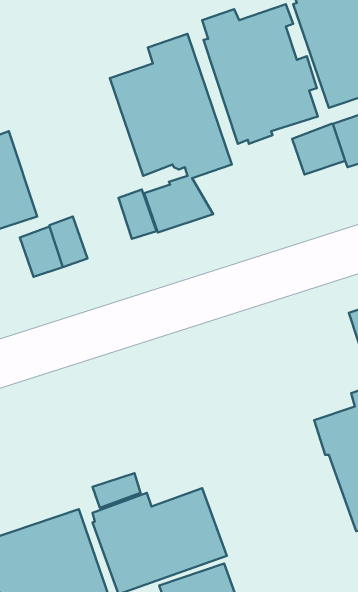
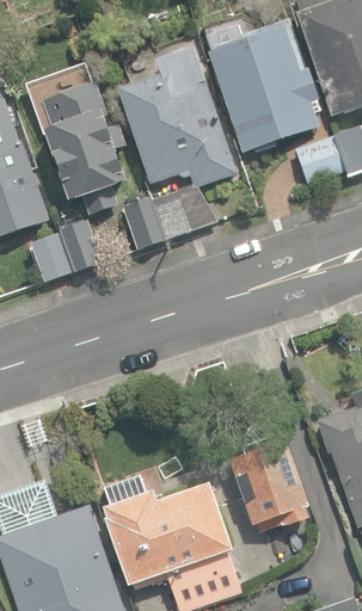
building: none -> [35,79,128,215]
building: none -> [229,439,309,526]

